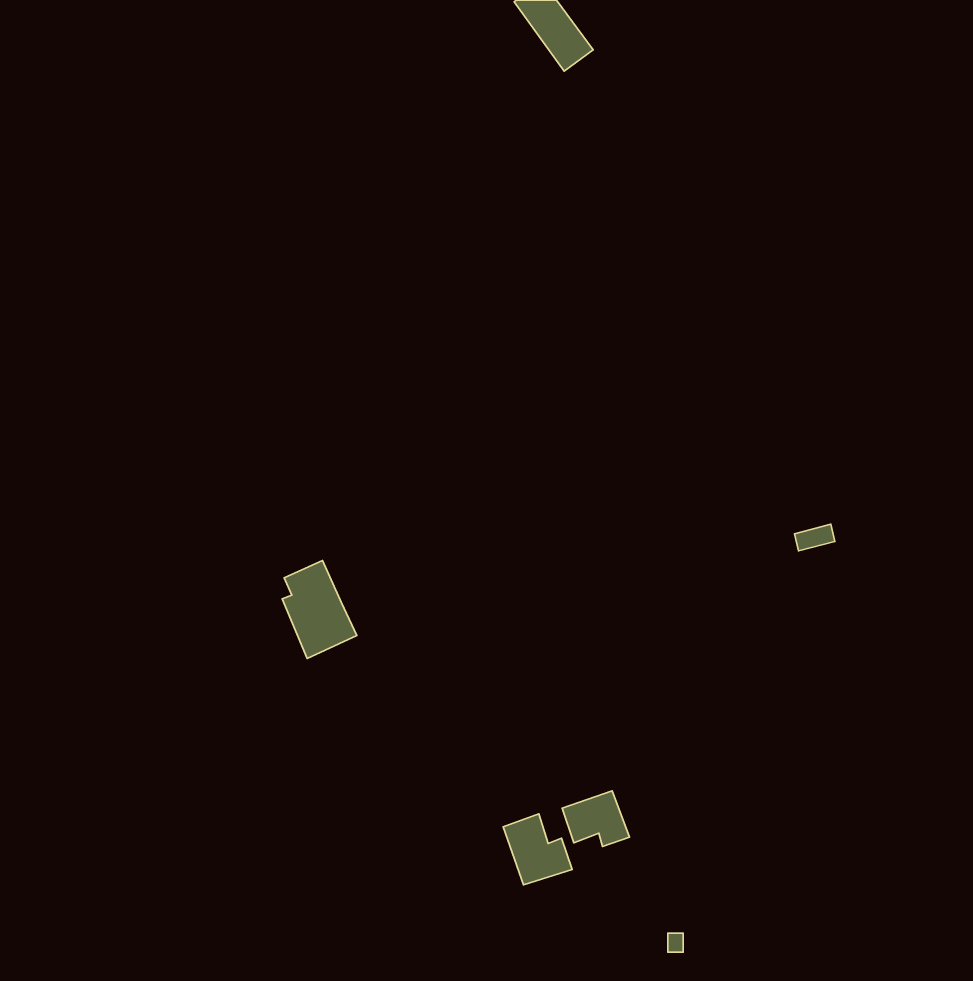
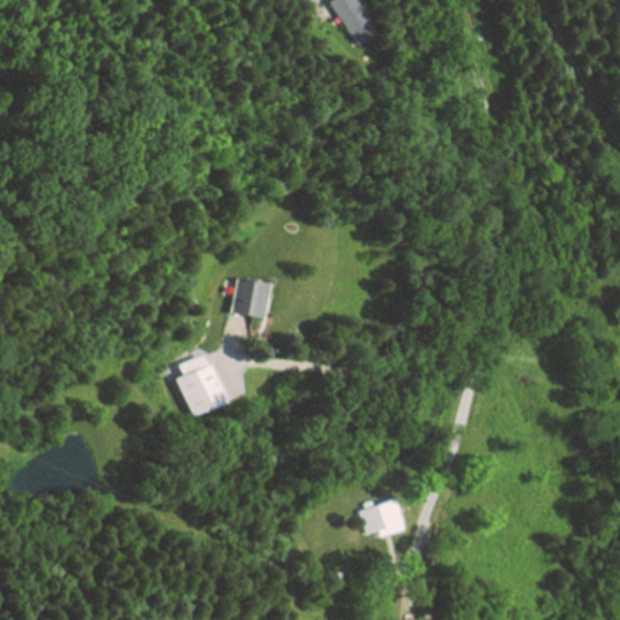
building: none -> [232,276,269,317]
building: [503,814,572,885] -> none

